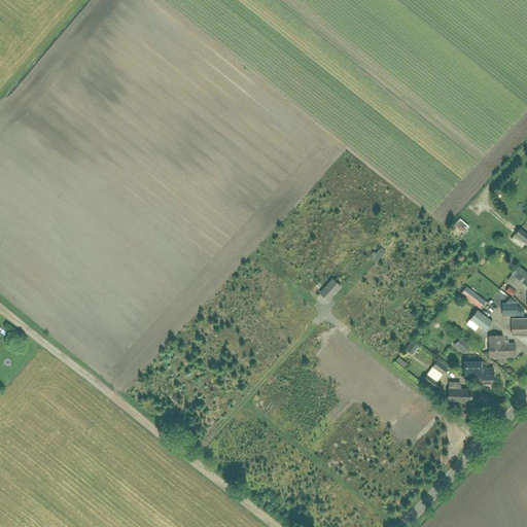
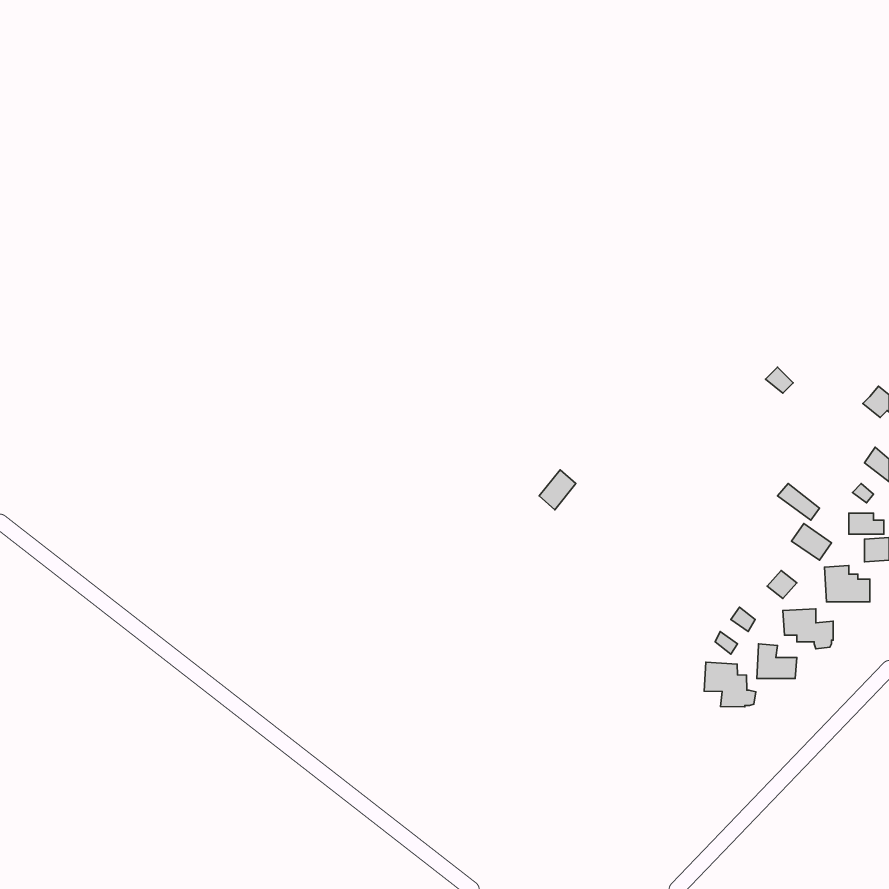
building: none -> [704,662,756,707]

